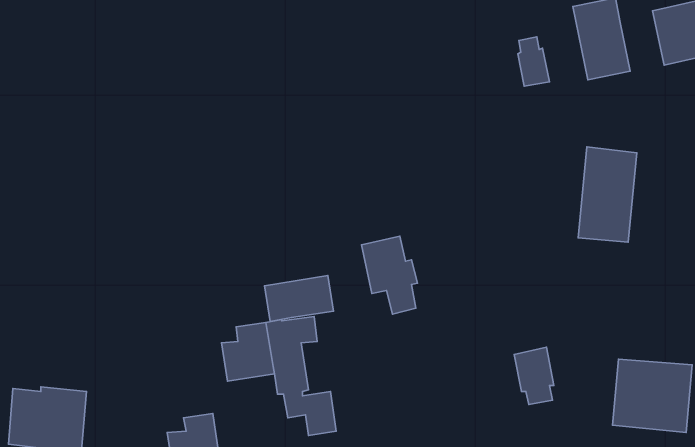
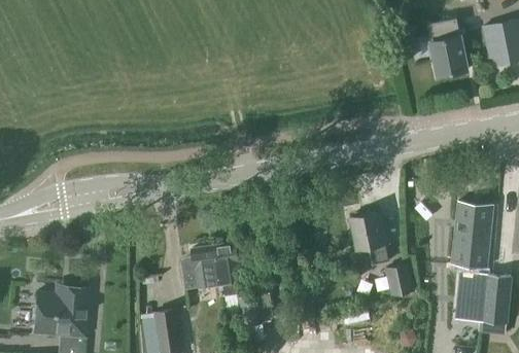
building: [518,37,549,86] -> none
building: [578,147,637,242] -> [453,201,494,268]
building: [362,236,417,314] -> [352,211,391,266]
building: [264,275,333,322] -> none

